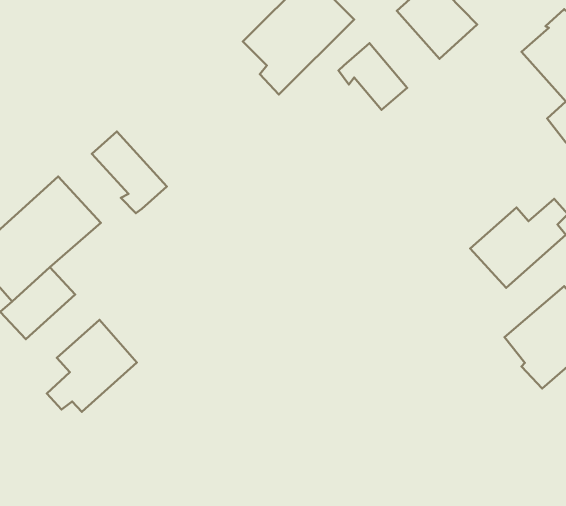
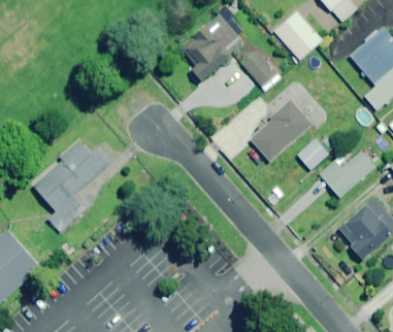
building: none -> [250,100,312,162]
building: [92,132,167,213] -> none
building: none -> [297,139,329,171]
building: [47,320,137,412] -> none

